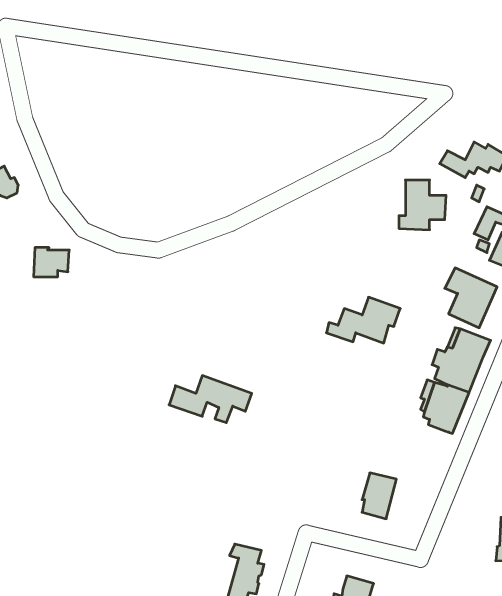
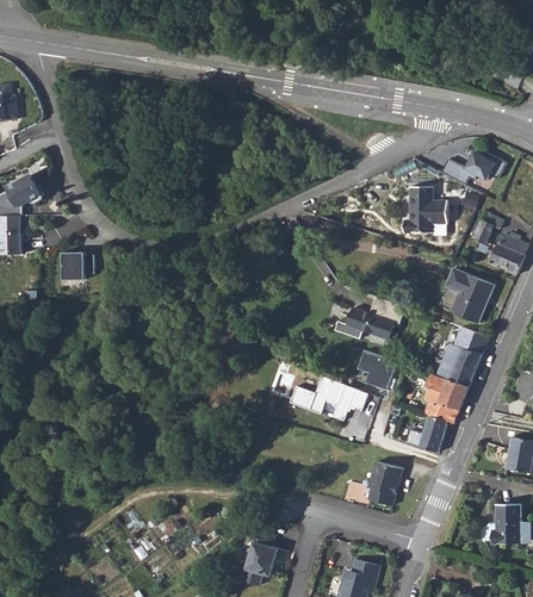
building: none -> [359,349,397,390]
building: [169,376,252,423] -> [291,378,368,422]
building: none -> [407,415,446,458]

